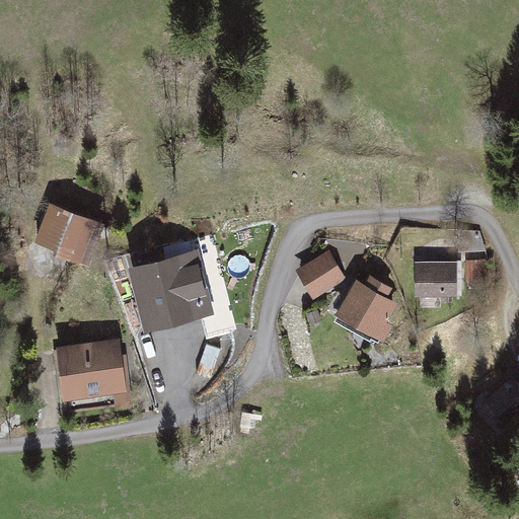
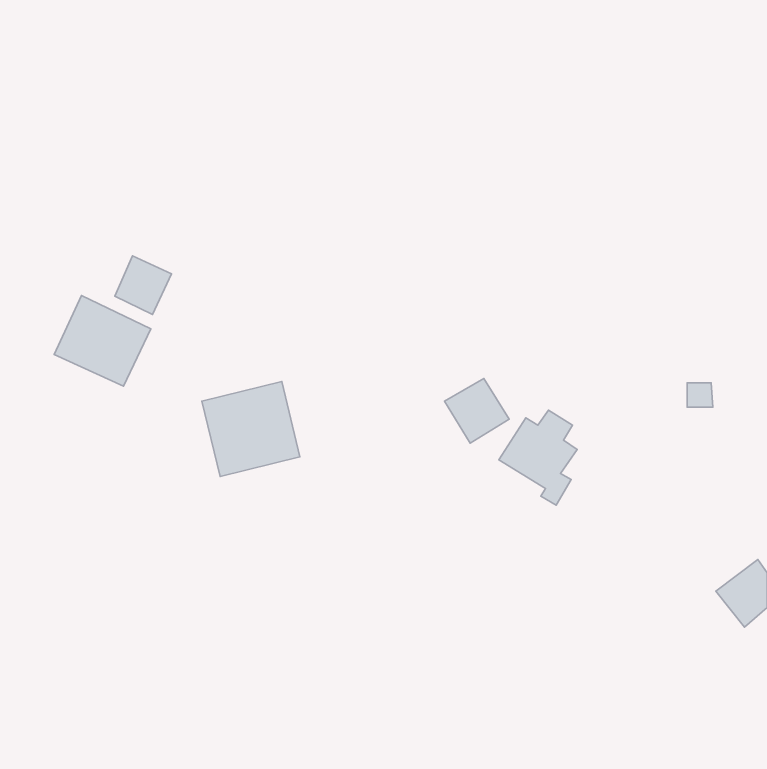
building: none -> [115,256,171,314]
building: [416,260,451,289] -> none
building: [61,344,128,410] -> none

